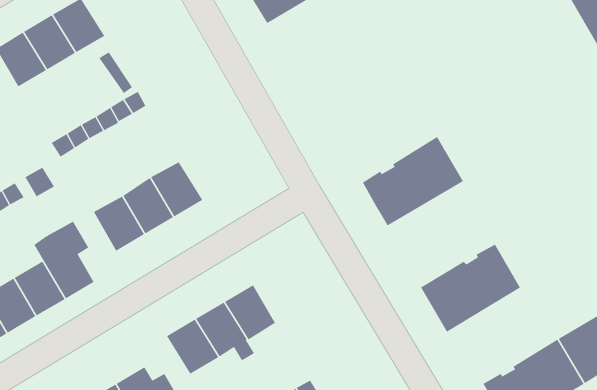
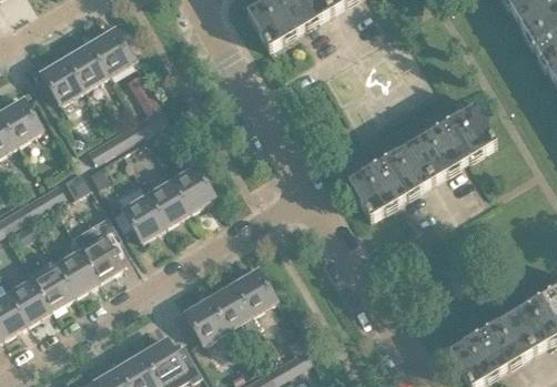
building: [420,244,521,333] -> [412,106,496,181]

